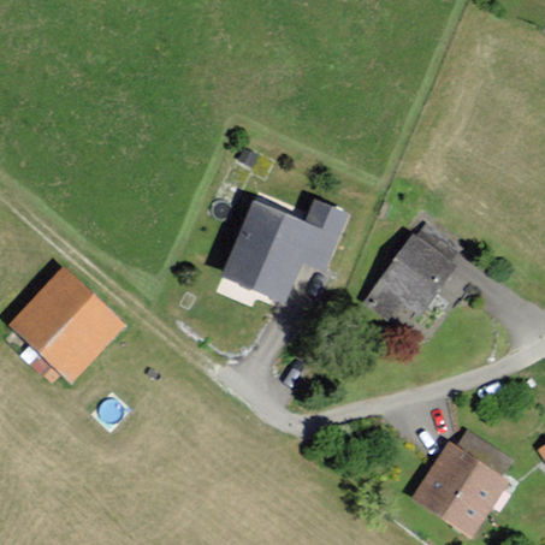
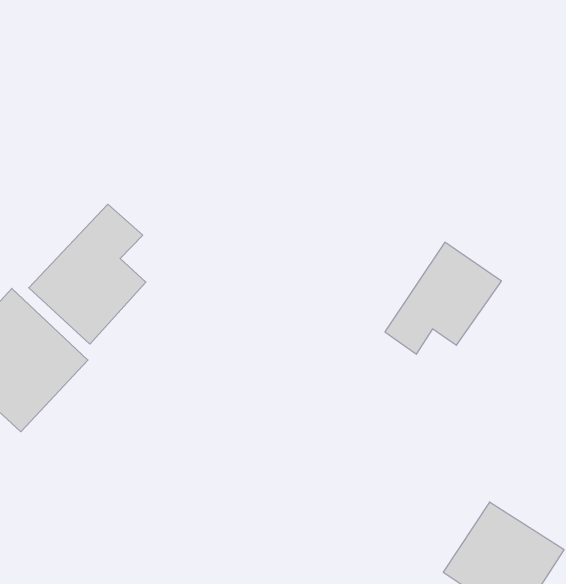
building: [223,199,349,302] -> none
building: none -> [29,204,146,344]

